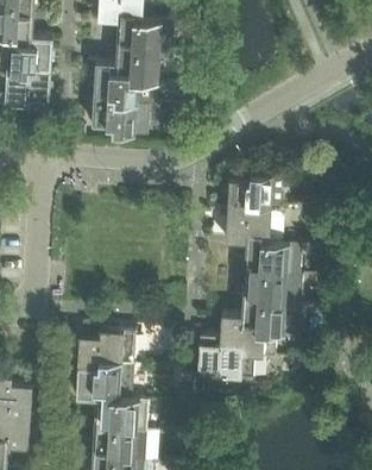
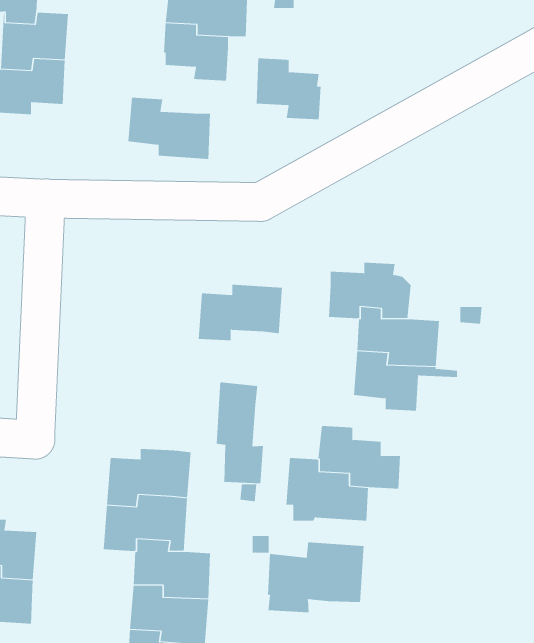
building: [94,65,138,107] -> [256,58,321,120]
building: [227,176,284,214] -> [198,284,283,341]
building: none -> [216,382,263,484]
building: [241,296,285,338] -> none
building: none -> [267,542,364,613]

